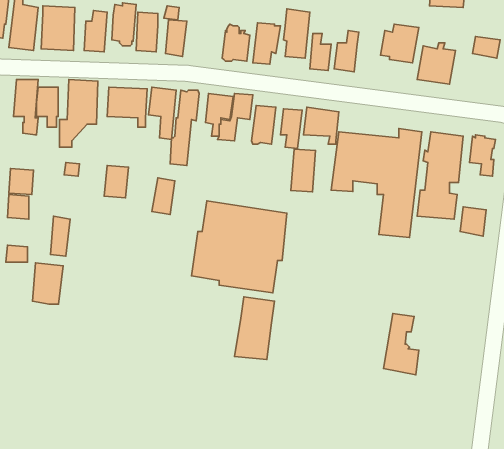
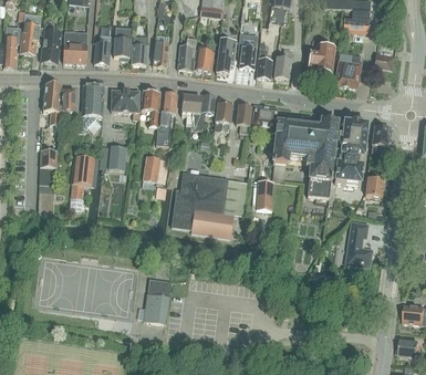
building: none -> [177,37,196,71]
building: [291,149,316,192] -> [256,179,273,210]
building: [32,263,63,304] -> [72,155,94,185]
building: [235,297,274,360] -> [143,278,172,323]
building: [384,313,419,375] -> [345,222,371,267]

